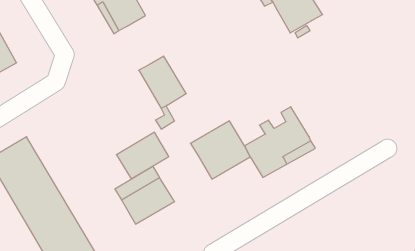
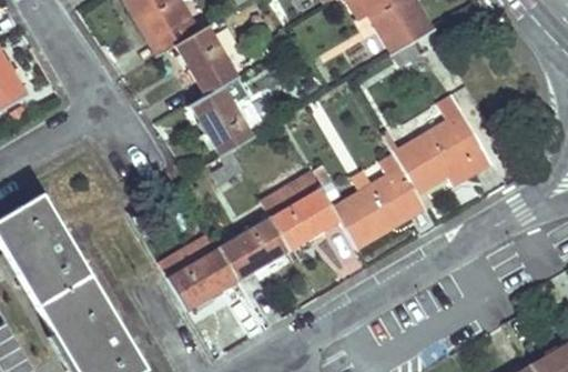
building: none -> [175,26,240,97]
building: none -> [393,93,493,193]
building: [116,132,169,179] -> [219,218,288,280]

